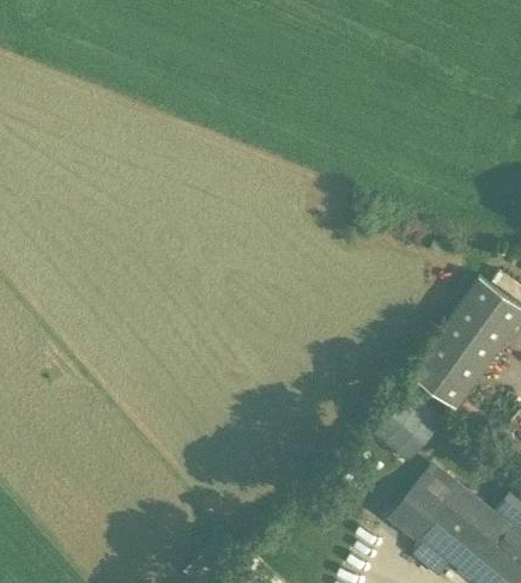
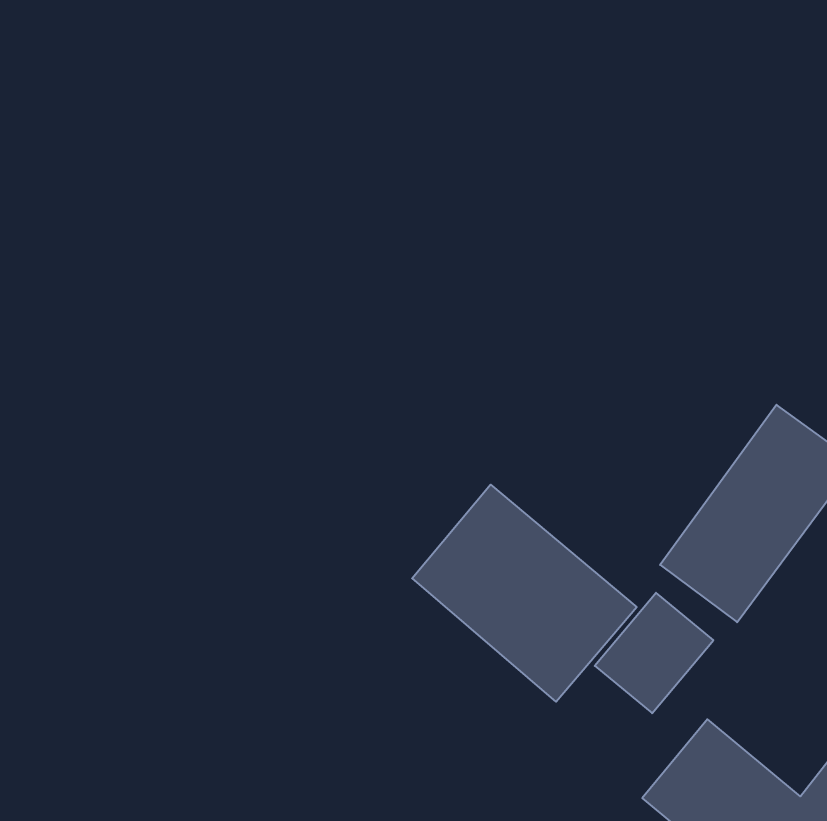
building: none -> [412,485,637,702]

